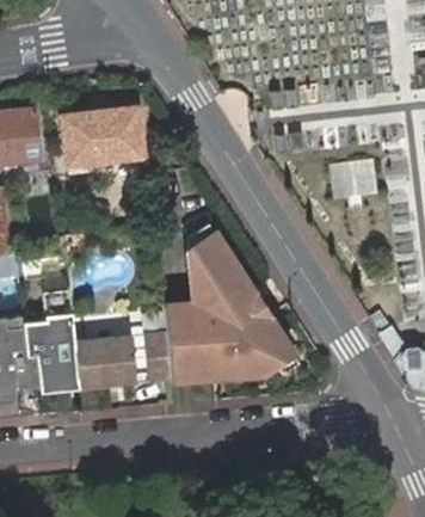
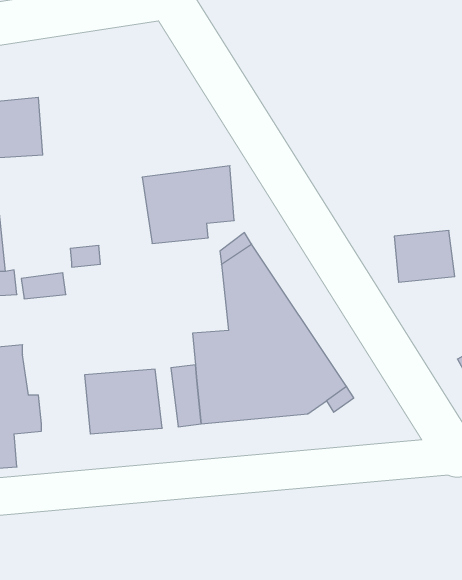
building: [63,109,140,173] -> [142,166,234,243]
building: [328,155,378,198] -> [394,231,455,282]
building: [23,290,79,393] -> none

